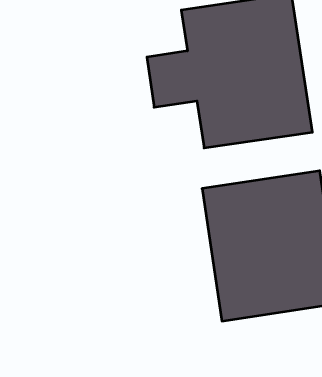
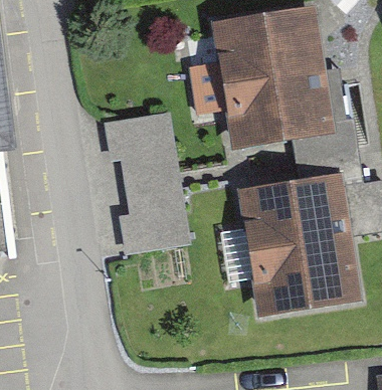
building: none -> [102,117,188,256]

